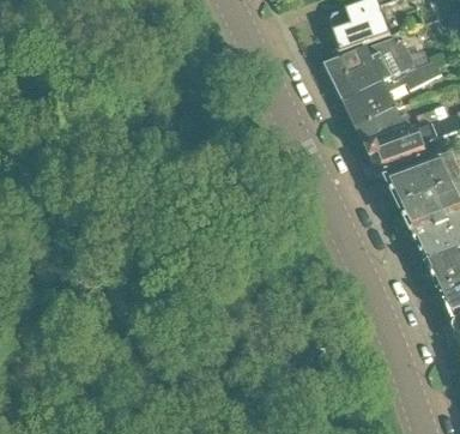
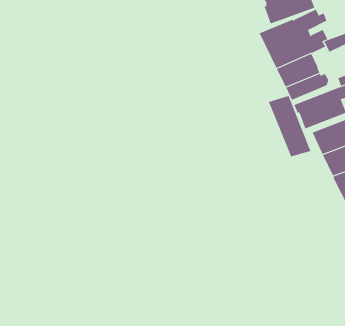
building: none -> [268,95,311,157]

